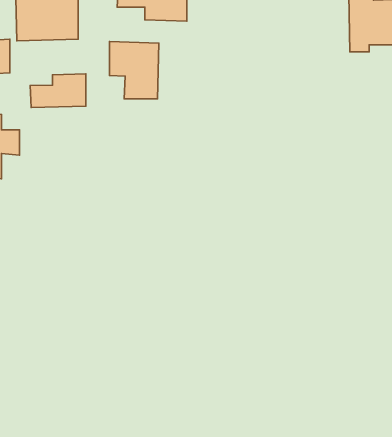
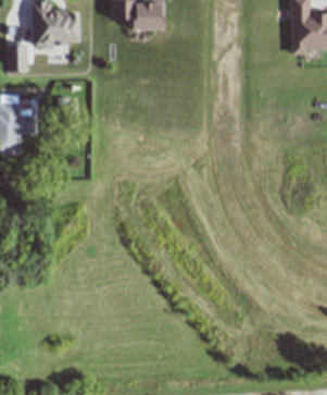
building: [109,41,159,99] -> none
building: [30,74,86,107] -> none

